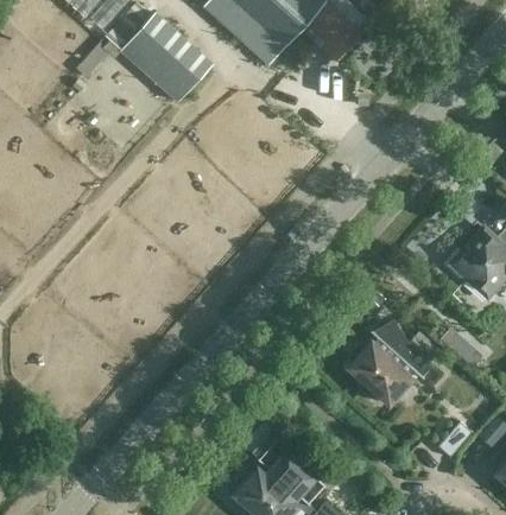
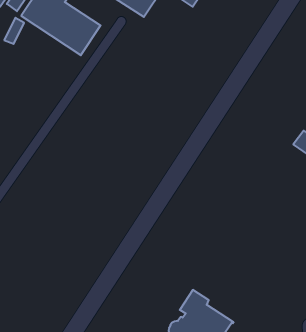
building: [348,318,432,403] -> none

